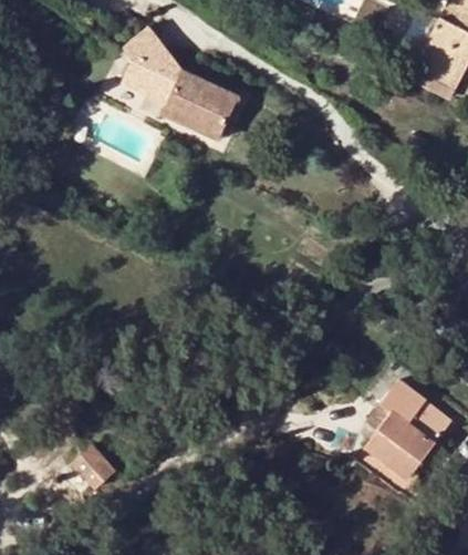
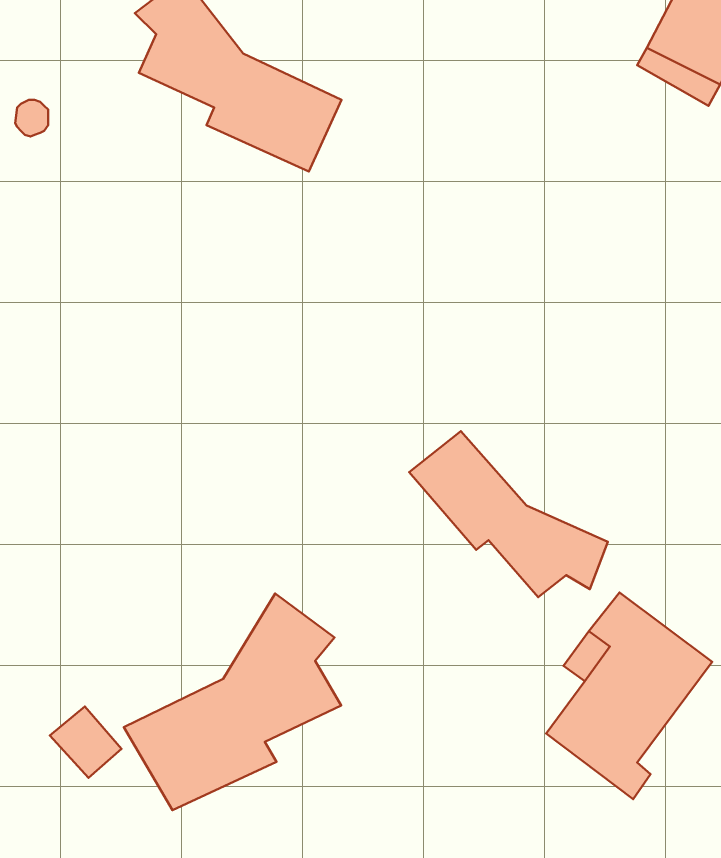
building: none -> [409,431,608,597]
building: none -> [124,594,341,810]

